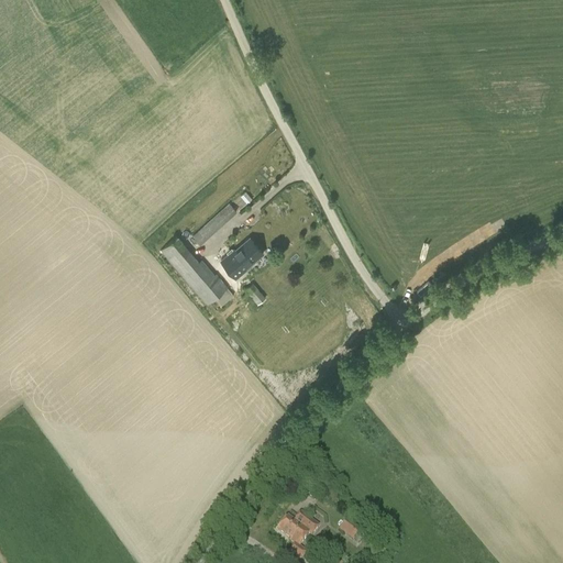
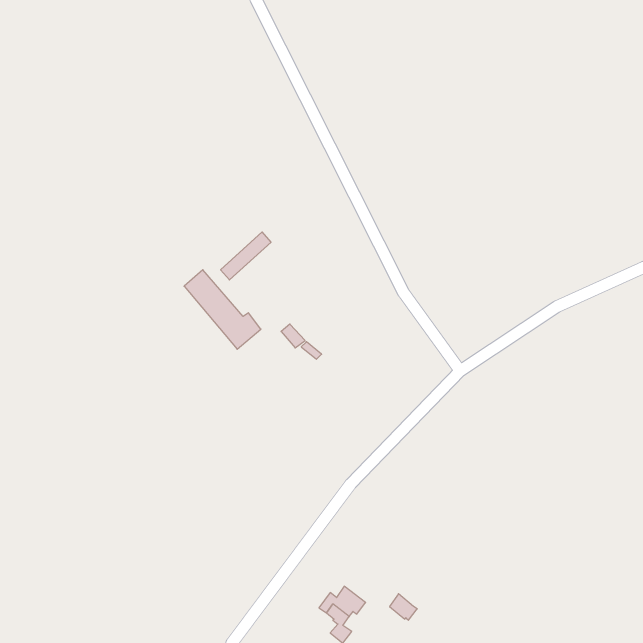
building: [222,236,264,277] -> none

